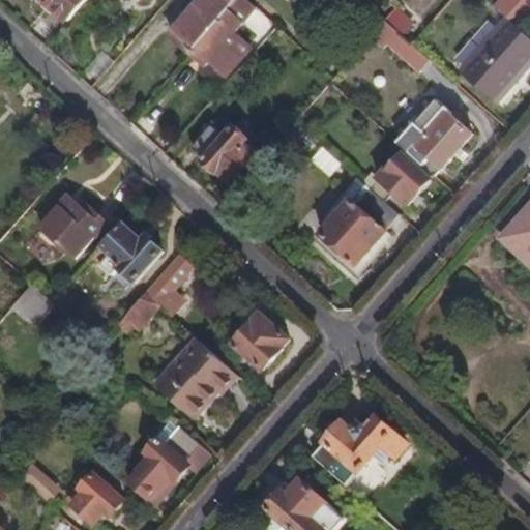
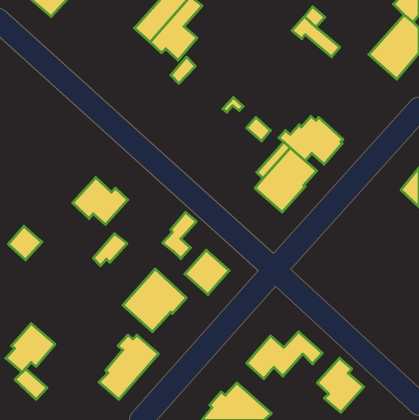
building: [396,99,470,177] -> none
building: [189,126,253,184] -> none
building: [46,186,116,248] -> none
building: [146,257,188,315] -> [163,212,196,259]
building: none -> [317,358,364,412]
building: [70,461,132,522] -> [6,324,55,372]

